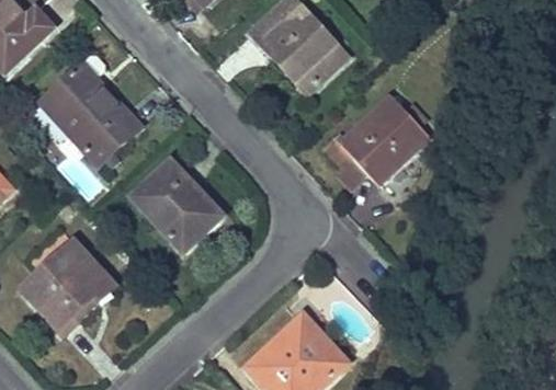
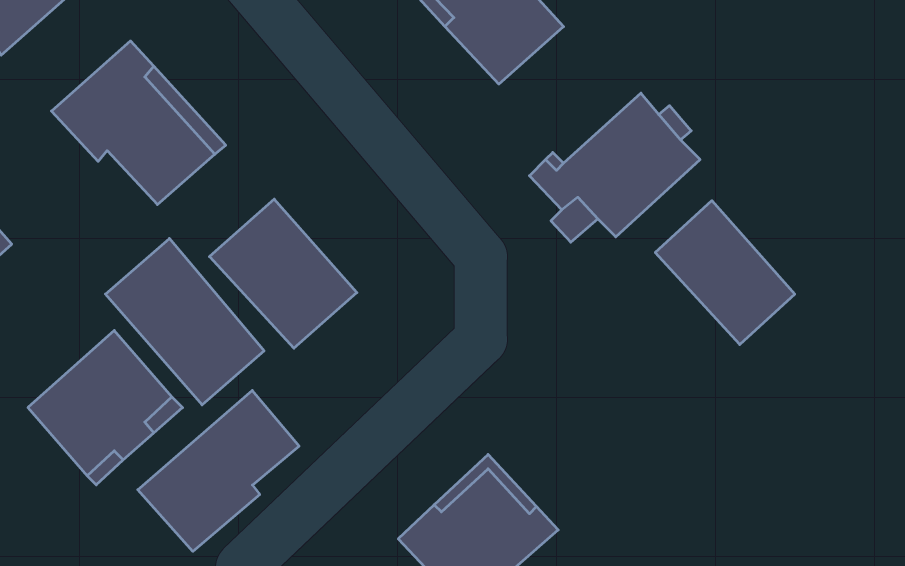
building: none -> [655,201,795,345]
building: none -> [105,238,264,405]
building: none -> [138,390,299,551]

